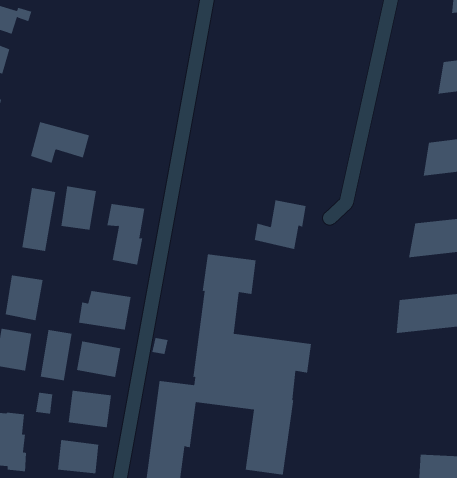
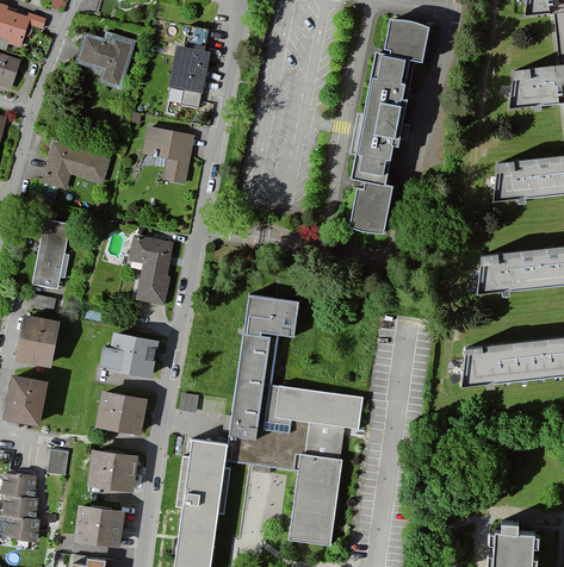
building: none -> [348,23,429,237]
building: none -> [76,33,137,92]
building: none -> [168,48,210,106]
building: none -> [142,127,193,185]
building: [61,185,97,230] -> none
building: [254,199,306,250] -> none
building: [40,329,72,381] -> none

